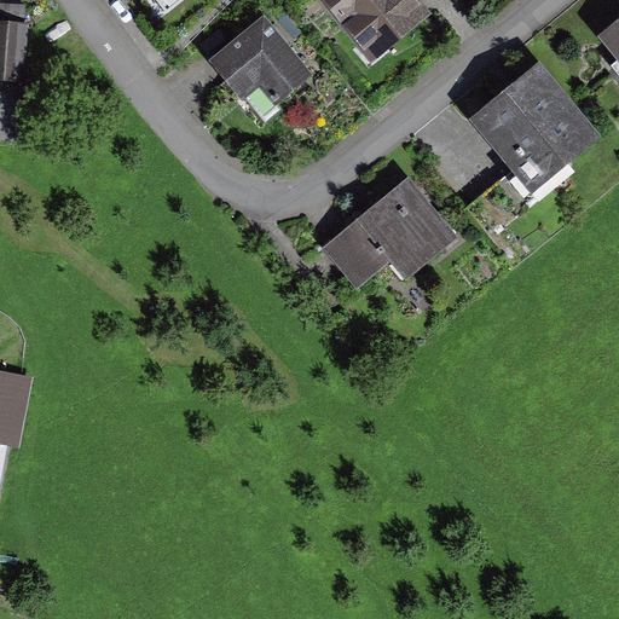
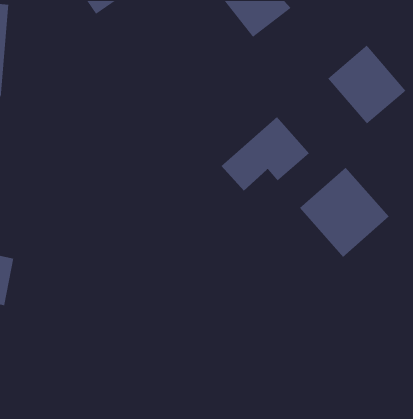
building: [213,17,312,98] -> none
building: none -> [299,167,390,258]

